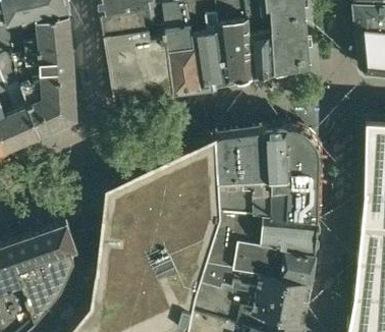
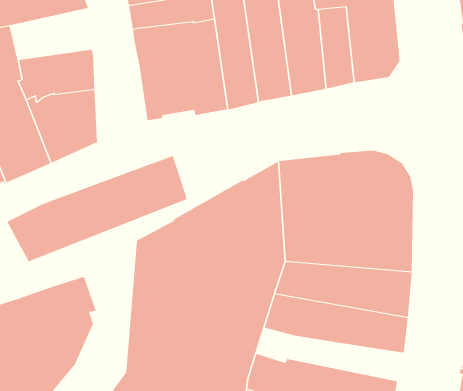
building: [9,18,72,58] -> none
building: none -> [6,155,188,262]
building: [198,264,312,305] -> none

